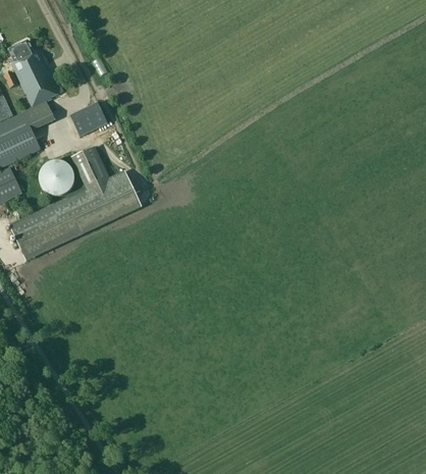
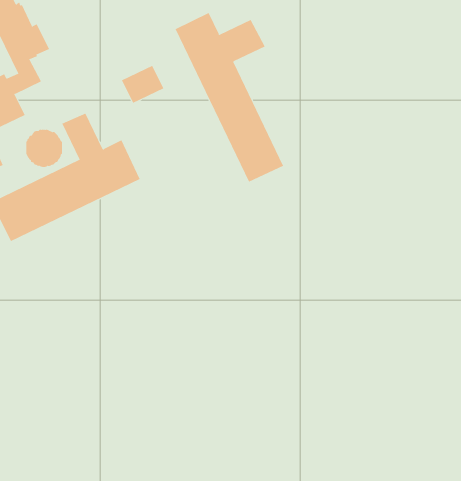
building: none -> [175,12,284,182]
building: [69,101,107,135] -> [121,65,164,103]

